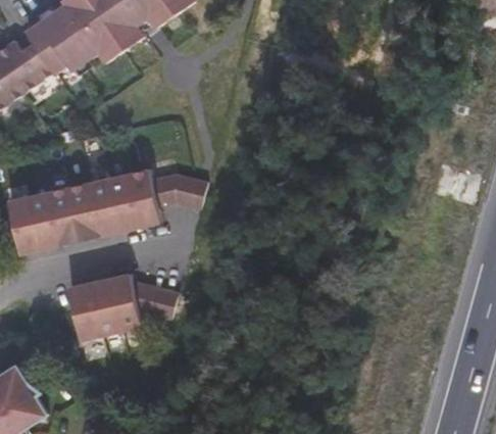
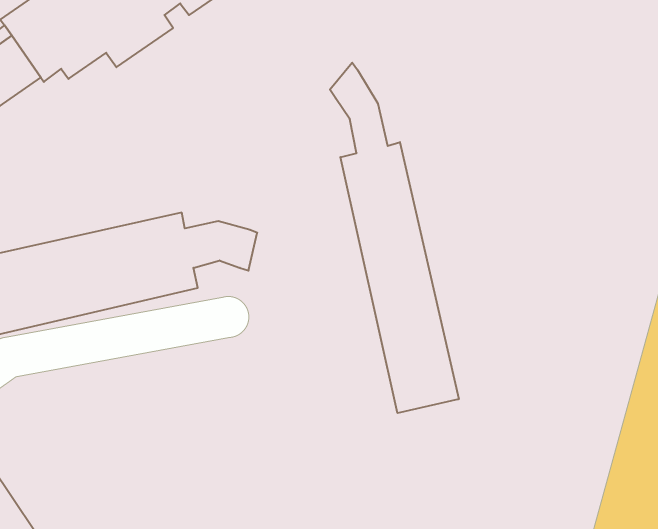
building: none -> [330,63,459,413]
building: [66,275,173,340] -> none

